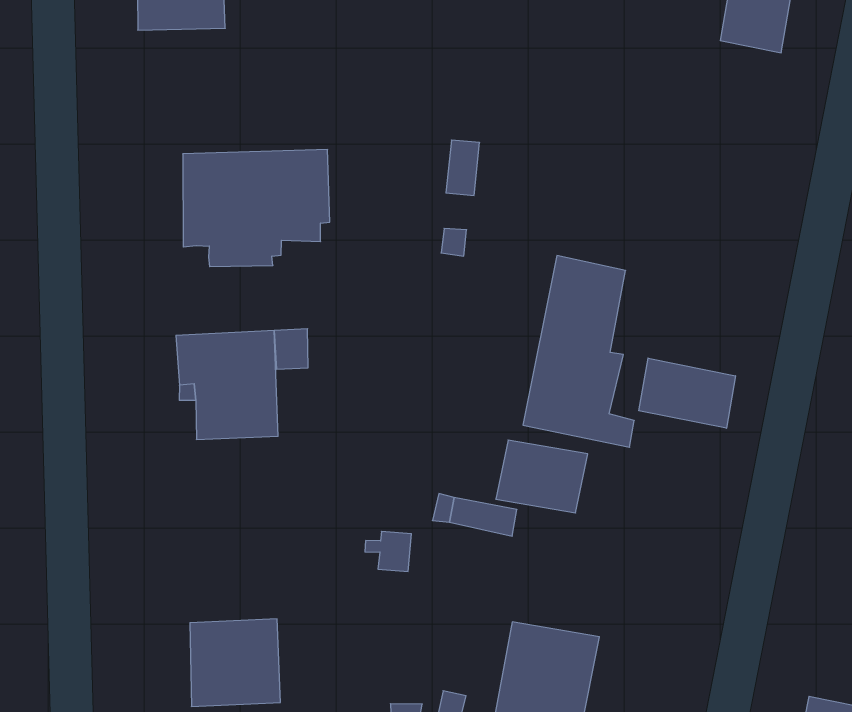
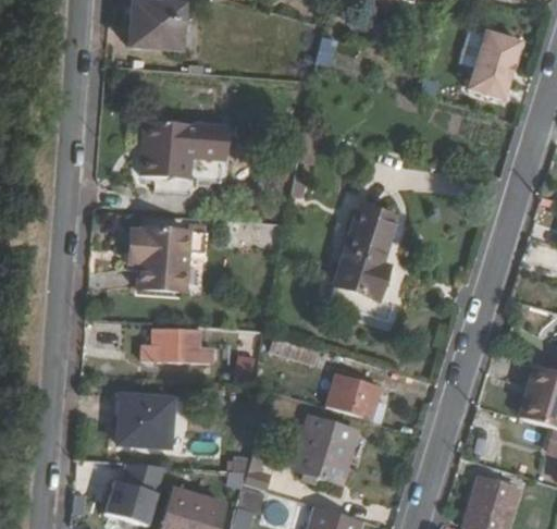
building: [639,358,735,428] -> none
building: [496,440,588,513] -> [326,372,383,419]
building: none -> [141,329,214,364]

